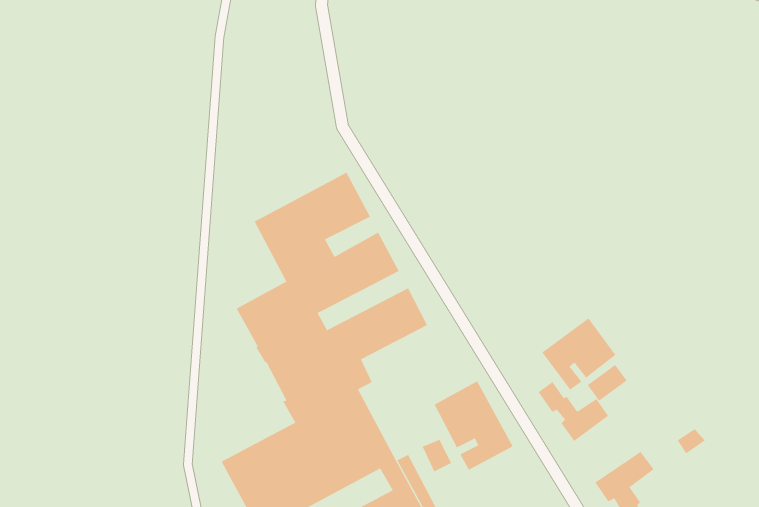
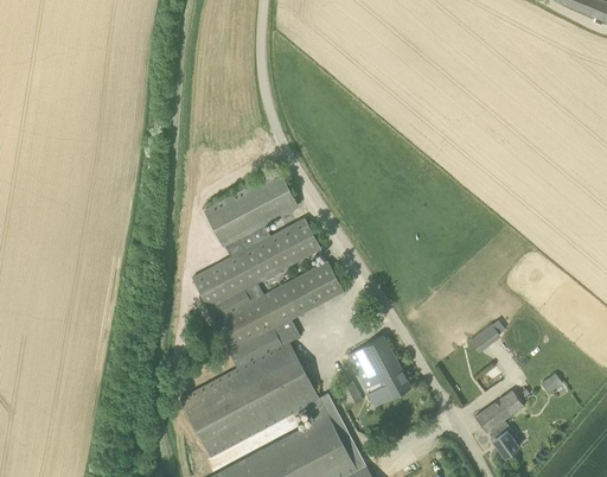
building: [542,317,616,390] -> none
building: [538,381,609,442] -> none

